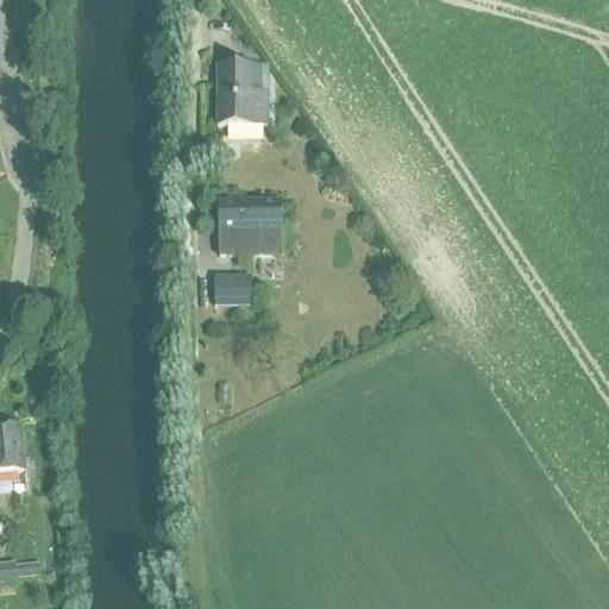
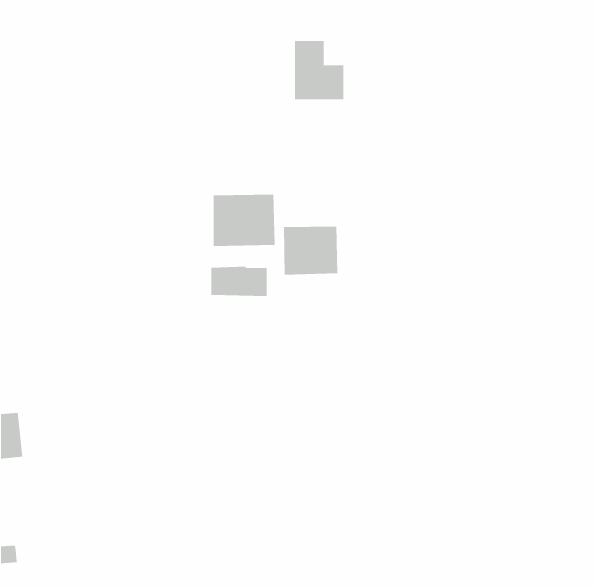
building: [218,62,269,123] -> [294,40,344,100]
building: none -> [283,226,338,275]

